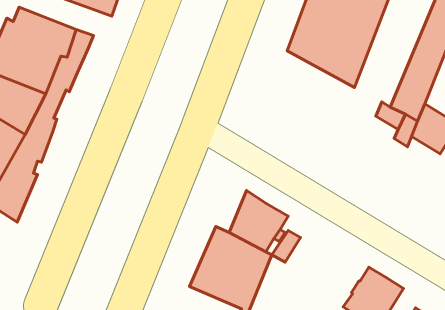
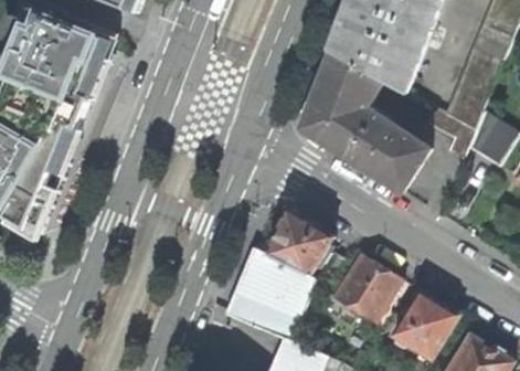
building: none -> [301,57,427,193]
building: none -> [333,254,400,321]

